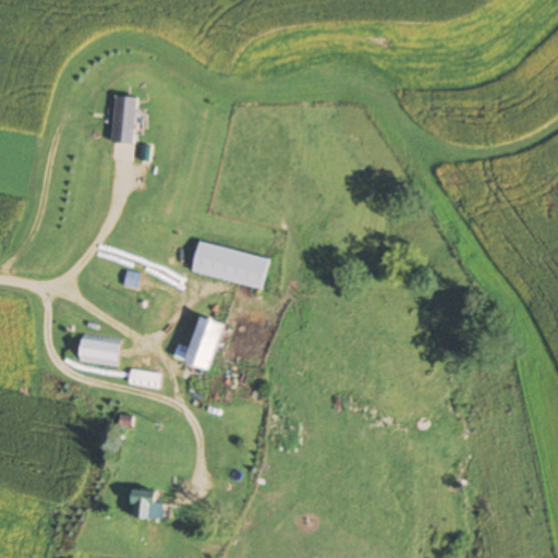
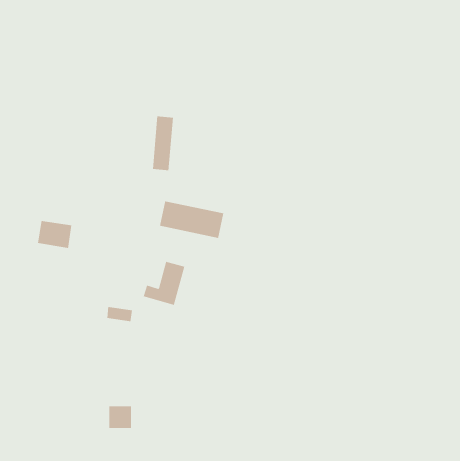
building: [110,95,136,161] -> [152,116,174,171]
building: [77,333,120,367] -> [37,221,72,249]

